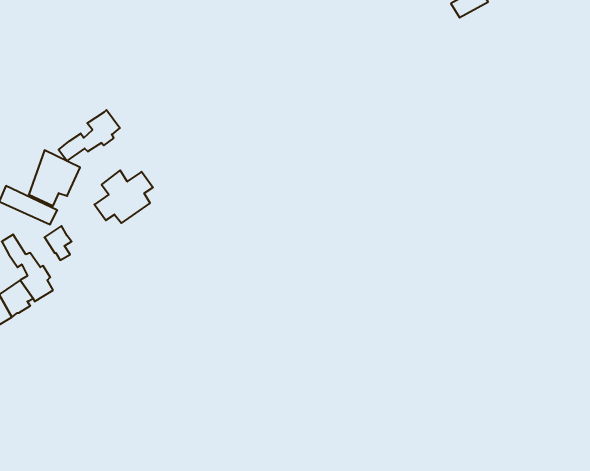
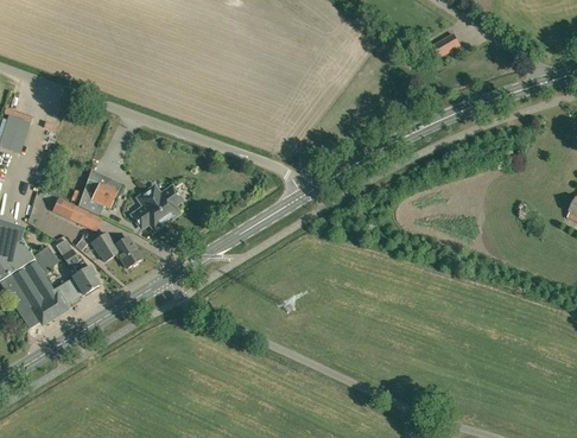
building: [59,110,120,161] -> none
building: none -> [108,236,141,267]

